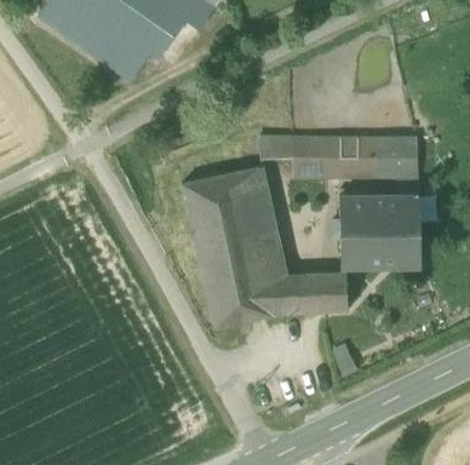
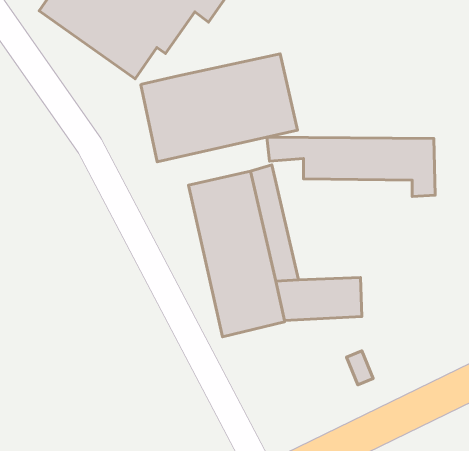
building: none -> [141,54,297,162]
building: [339,193,420,266] -> none

